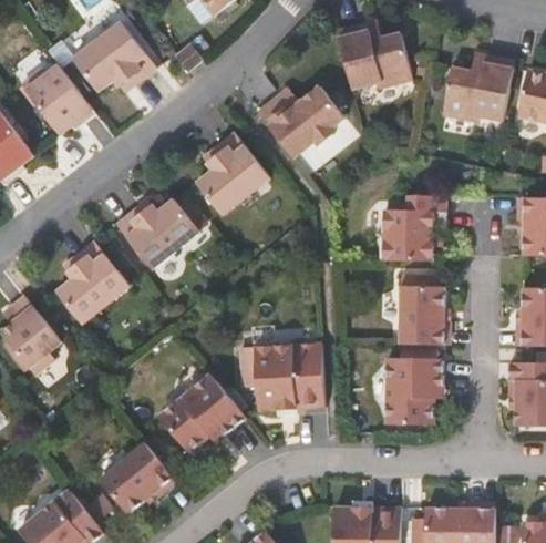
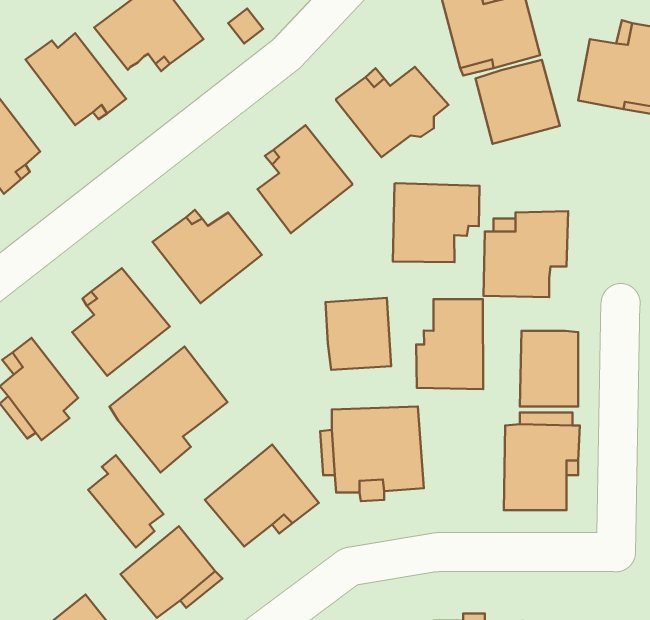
building: none -> [476,60,560,144]
building: none -> [393,183,479,262]
building: none -> [325,298,391,370]
building: none -> [416,299,483,389]
building: none -> [110,347,228,473]
building: none -> [88,455,163,548]

